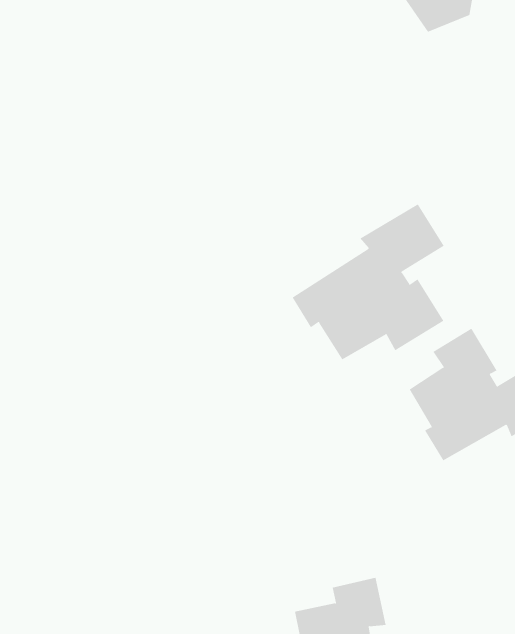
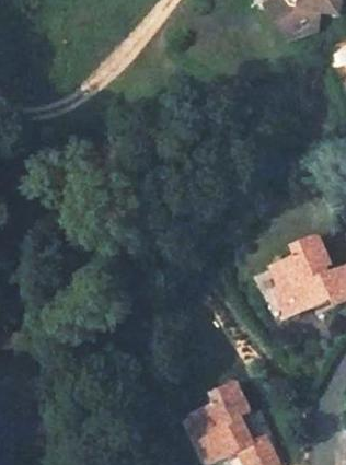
building: [292,203,444,360] -> none

